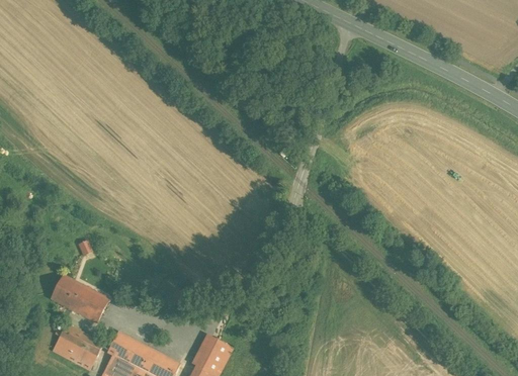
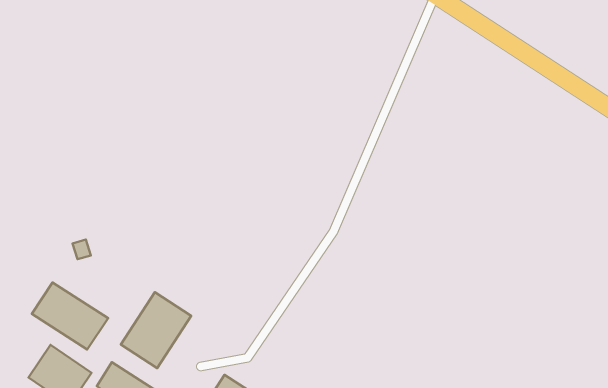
building: none -> [121,292,191,368]

